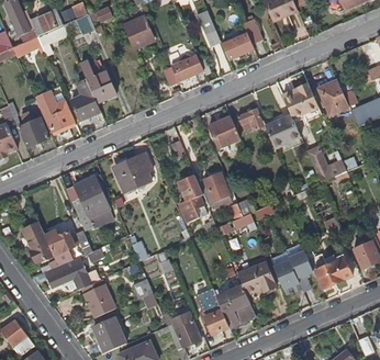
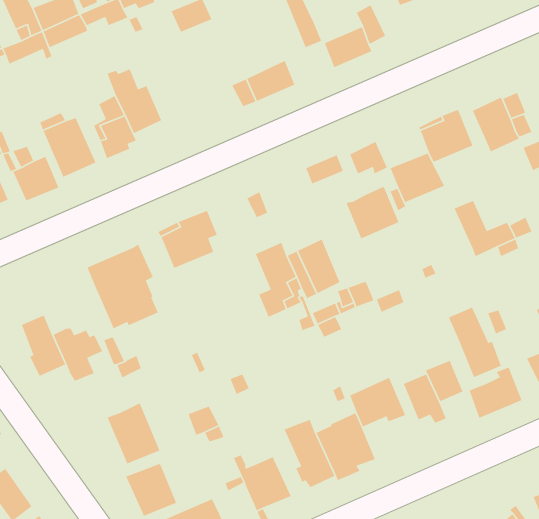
building: none -> [346,186,400,240]
building: none -> [448,307,502,378]
building: [45,263,89,290] -> none

